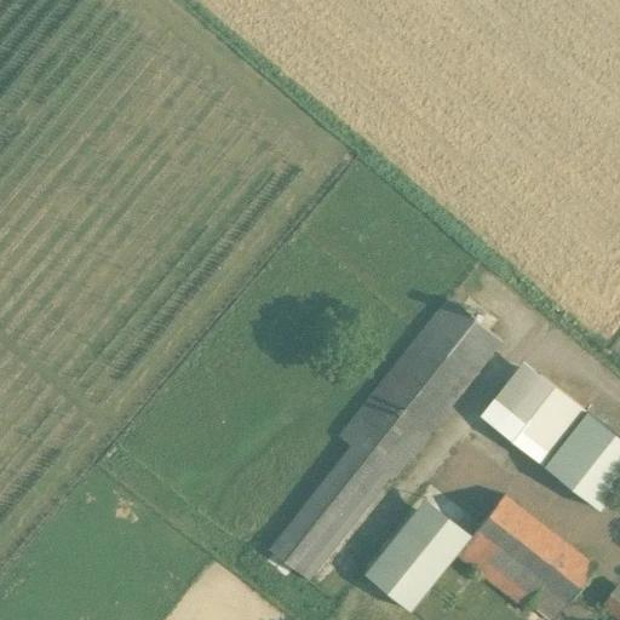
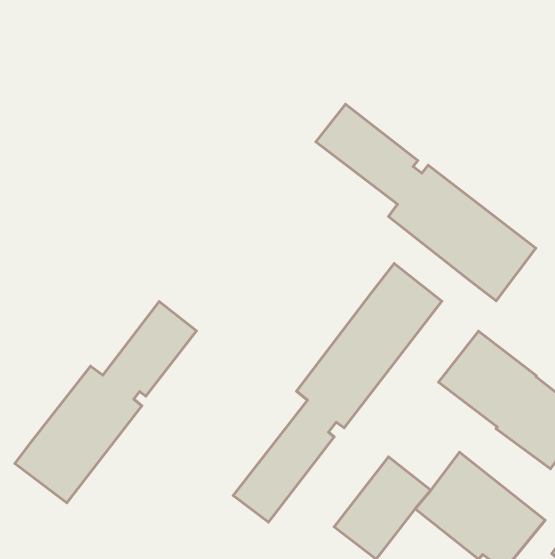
building: none -> [316,104,536,301]
building: none -> [15,301,197,503]

